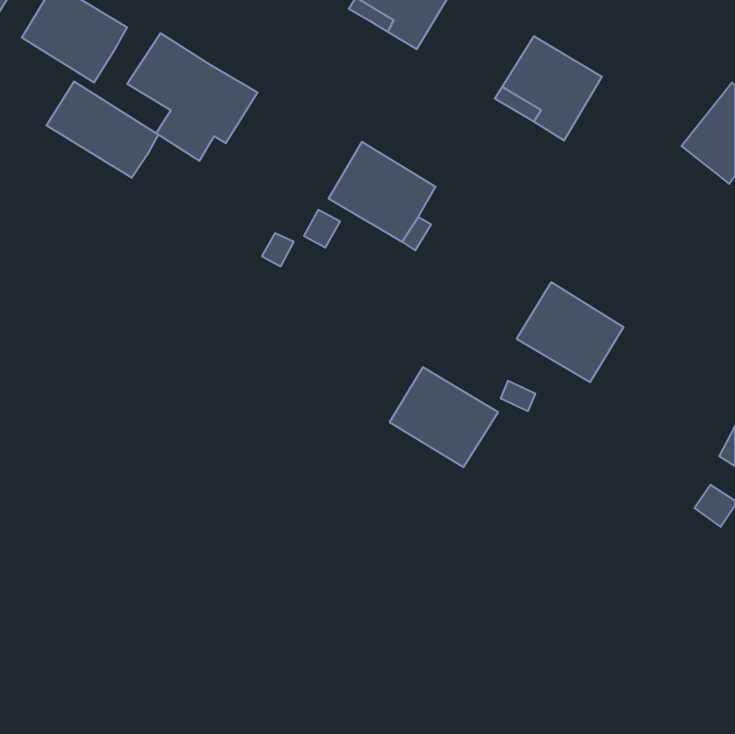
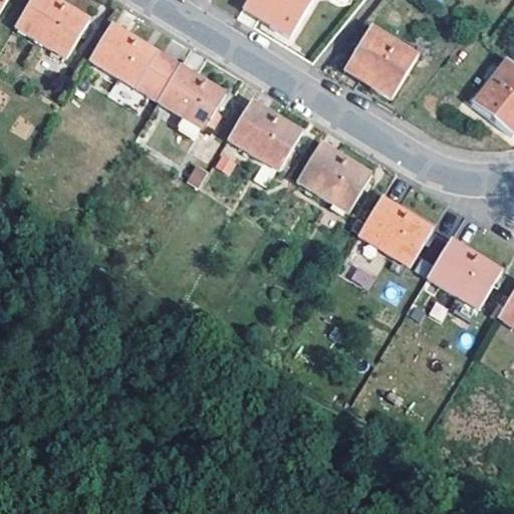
building: [47,81,158,178] -> none
building: none -> [157,64,224,126]
building: none -> [428,238,502,307]
building: [390,367,498,467] -> [297,142,372,211]

